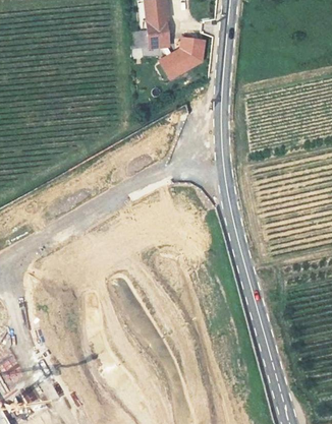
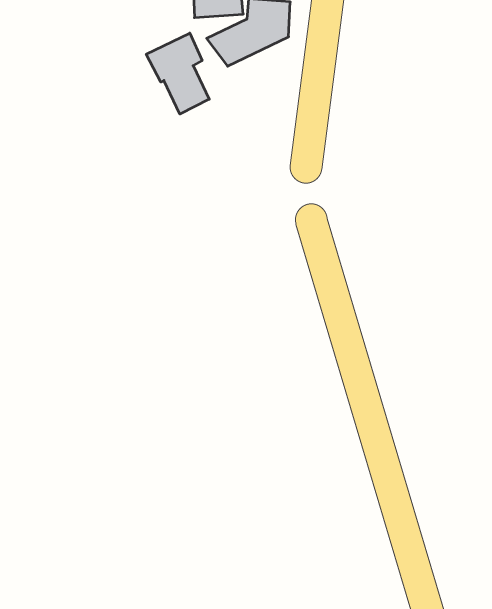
building: none -> [146,33,209,114]

